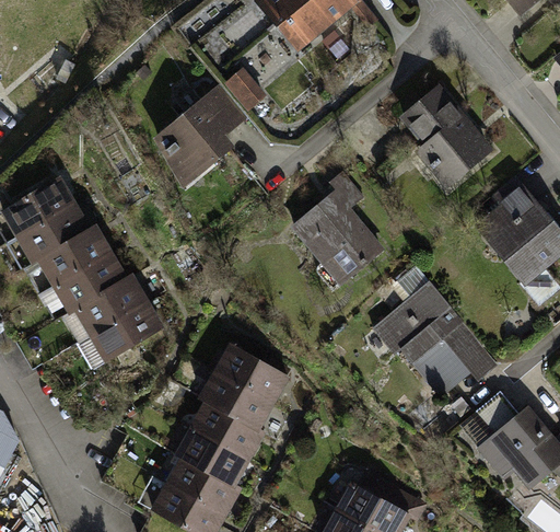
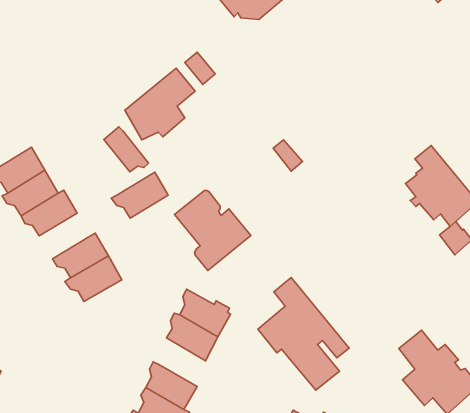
building: [405,90,489,184] -> none
building: none -> [104,127,148,172]
building: [294,198,382,290] -> [175,191,251,271]
building: [55,256,120,309] -> [111,172,168,218]
building: [377,265,482,394] -> [258,278,349,390]
building: [199,400,257,455] -> none

